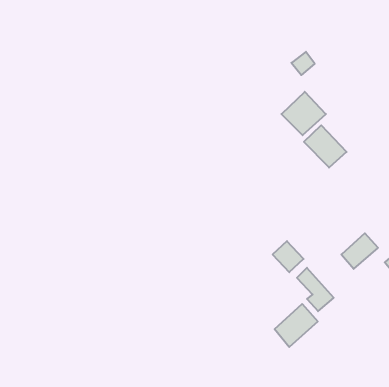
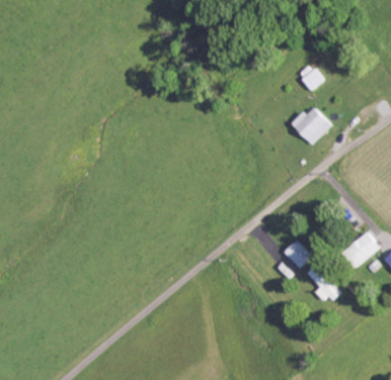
building: [304,125,347,168] -> none
building: [275,304,318,347] -> none

